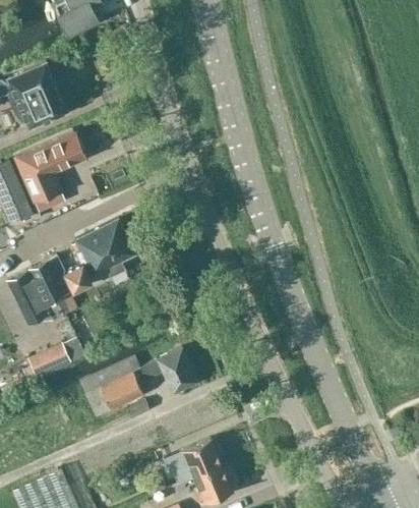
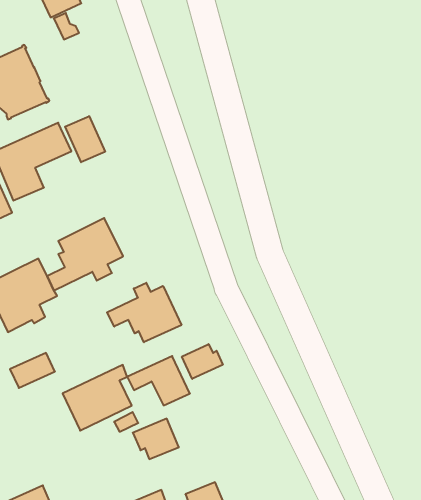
building: none -> [65,116,105,162]
building: none -> [107,283,181,342]
building: none -> [182,344,223,379]
building: [178,439,221,476] -> [133,419,179,459]

